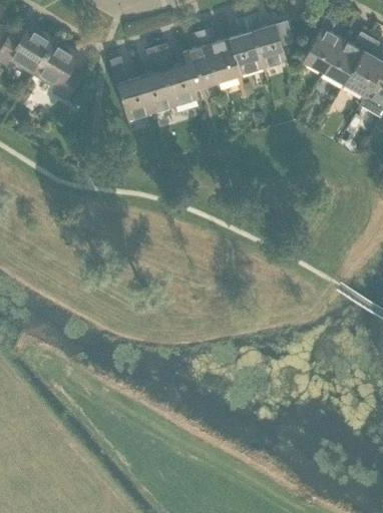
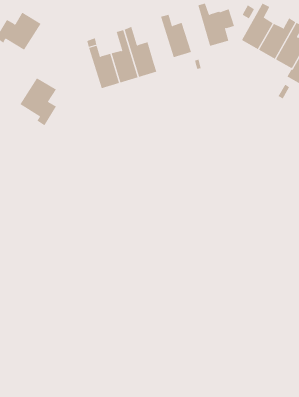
building: [228,18,262,76] -> none
building: [181,32,217,90] -> none
building: [32,41,78,101] -> [20,77,57,126]

